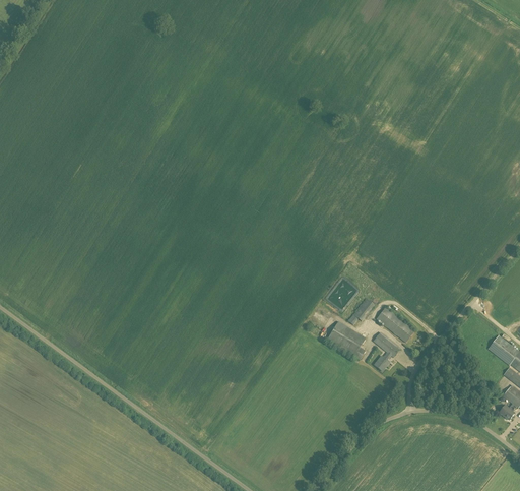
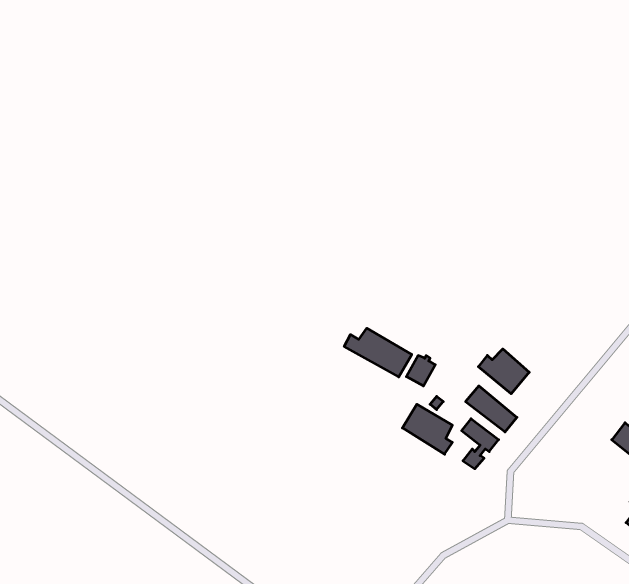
building: none -> [344,328,412,377]
building: none -> [478,349,529,394]

